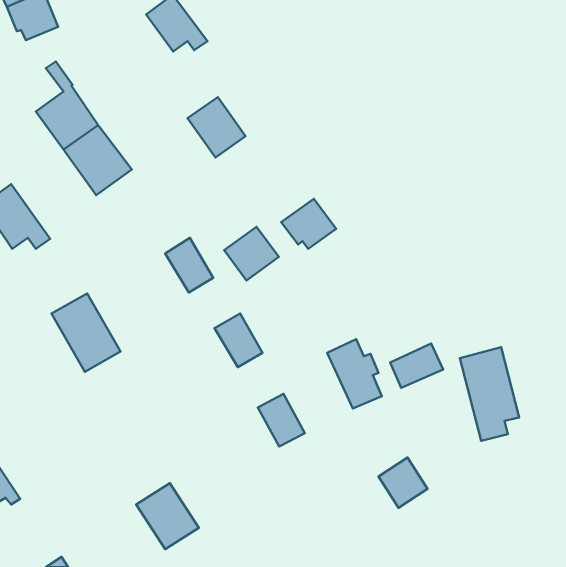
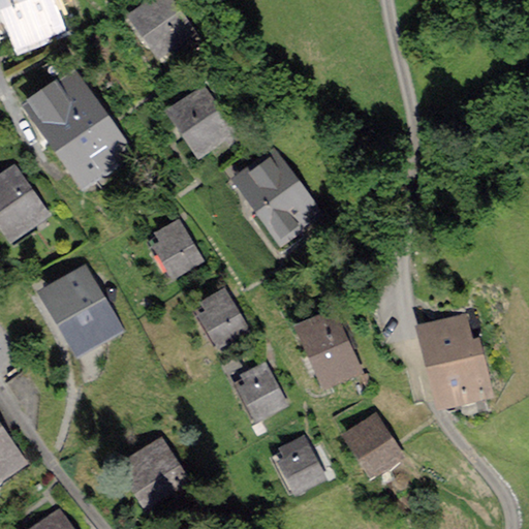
building: [224,227,279,280] -> [240,156,290,206]
building: [390,344,443,388] -> none
building: none -> [277,438,320,488]

